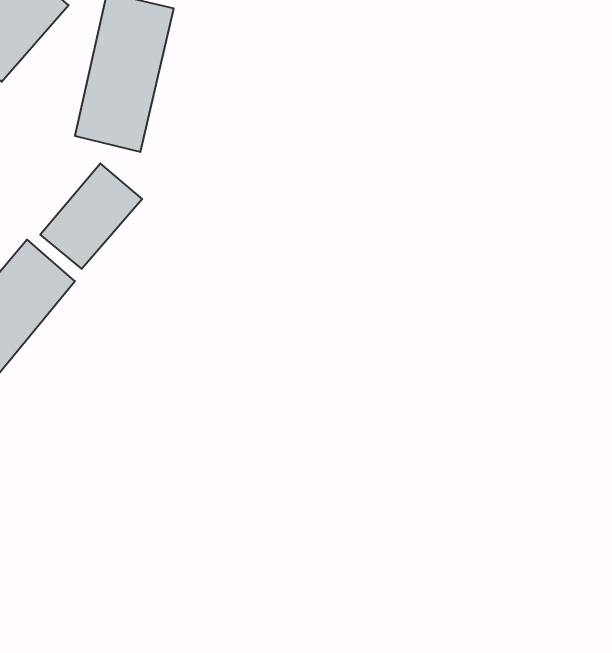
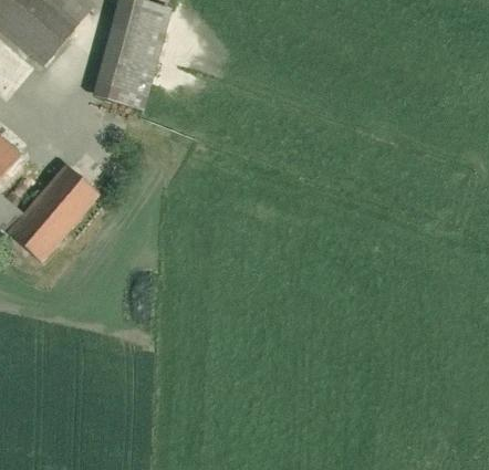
building: [40,163,142,269] -> none

